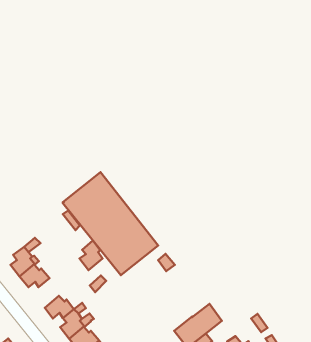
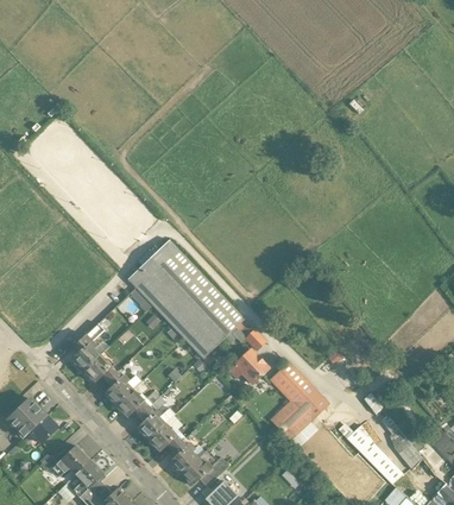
building: [79,241,102,270] -> [105,371,132,406]
building: none -> [229,351,269,384]
building: none -> [271,362,311,403]

